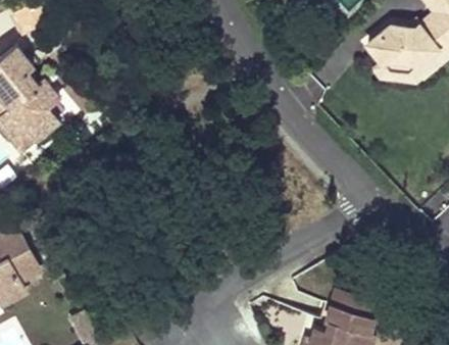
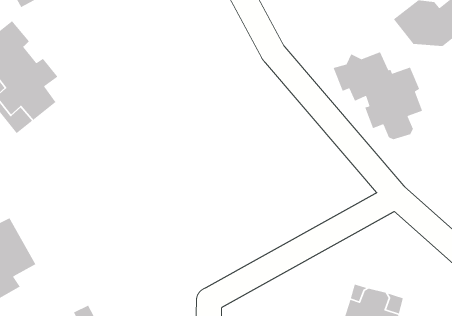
building: none -> [332,51,423,140]

